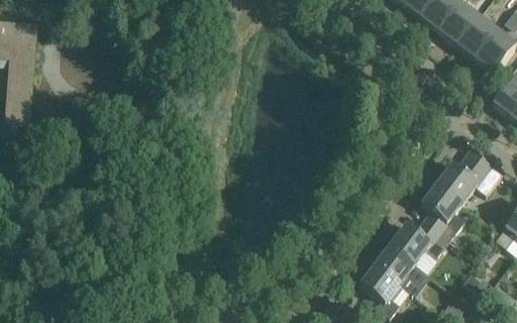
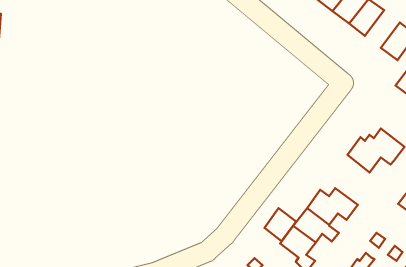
building: [456,16,497,60] -> none
building: [420,183,464,240] -> none
building: none -> [264,208,296,241]

